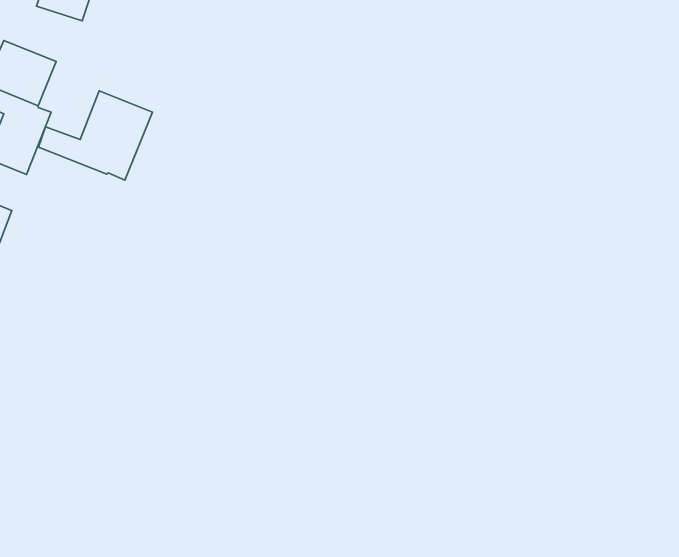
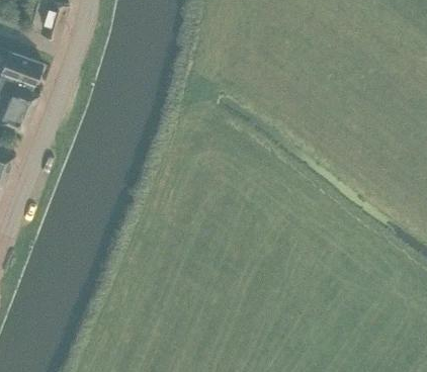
building: [39,91,152,180] -> none

